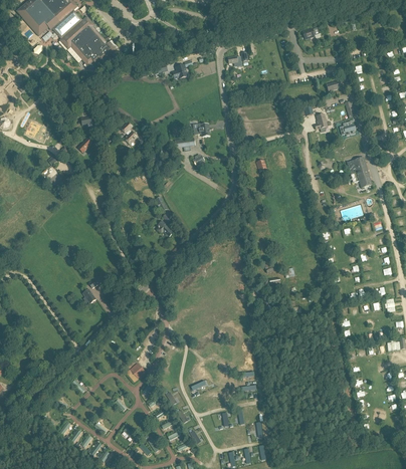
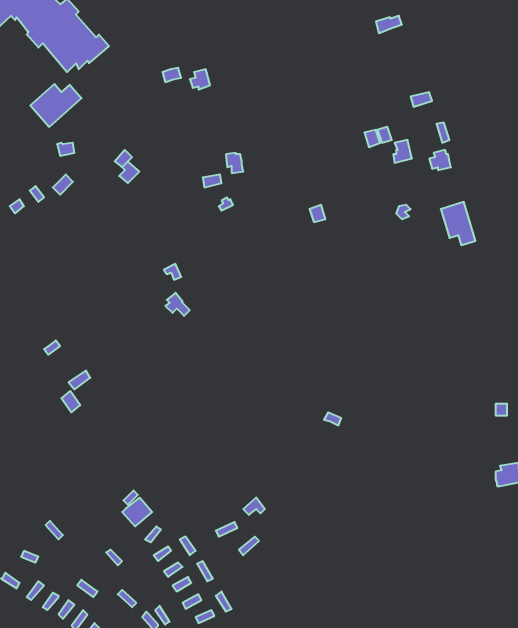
building: none -> [30,84,82,127]

